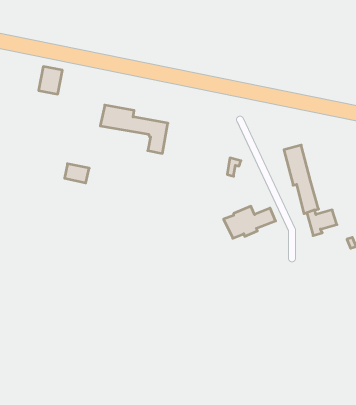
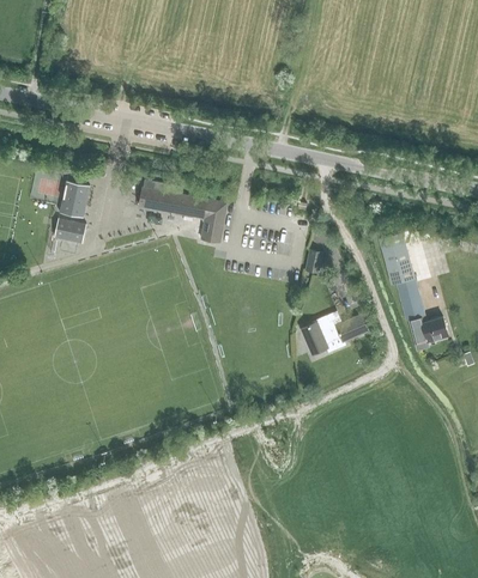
building: [39,67,62,94] -> [59,182,90,218]
building: [65,164,89,183] -> [55,219,87,244]

